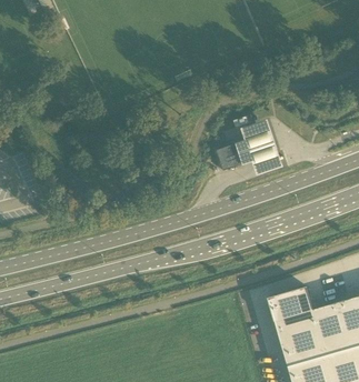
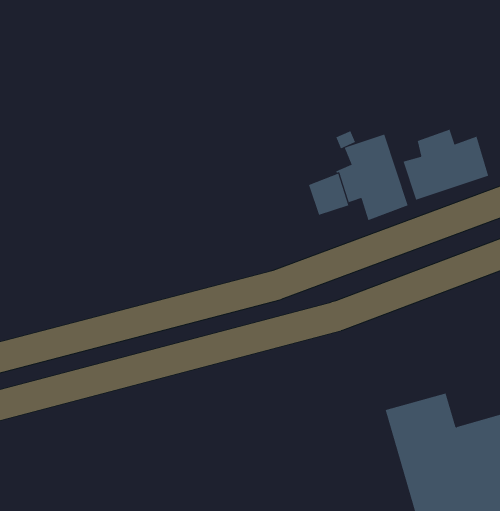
building: none -> [403,129,489,200]

